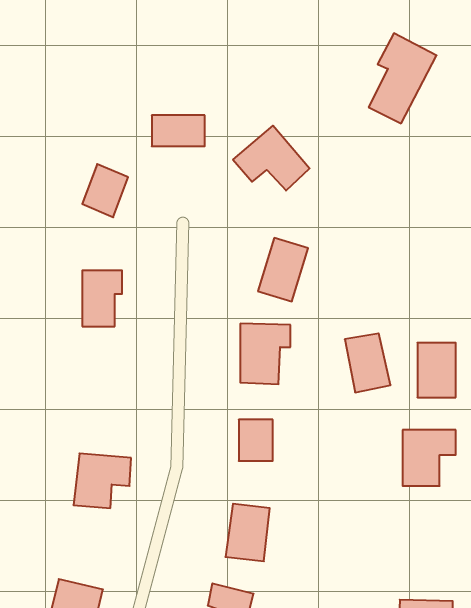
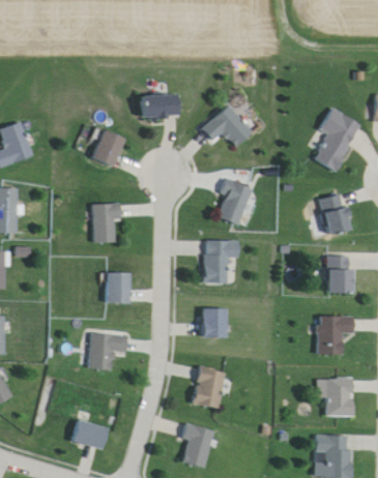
building: [369,33,437,123] -> [313,109,360,172]
building: [345,333,391,392] -> [319,195,351,236]
building: none -> [107,273,130,303]
building: none -> [325,378,353,416]

